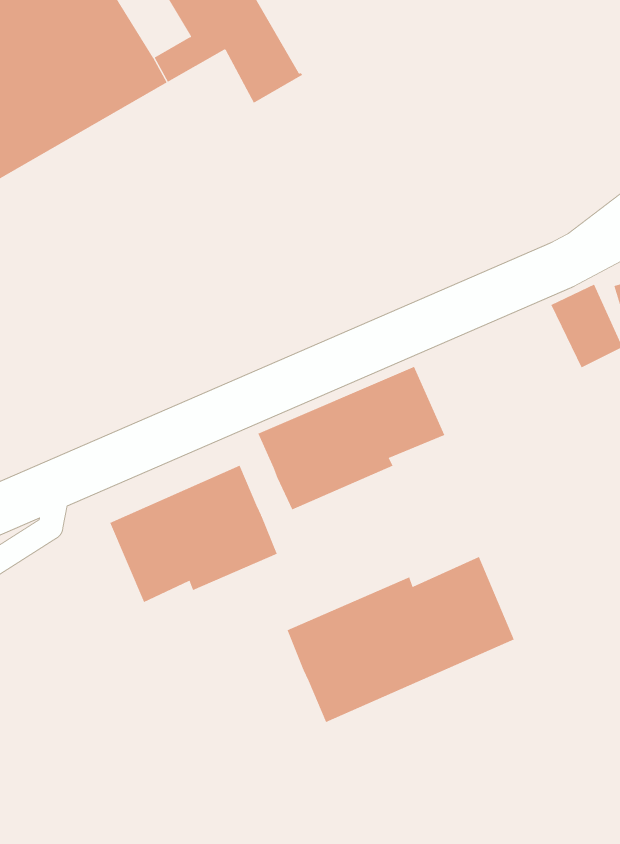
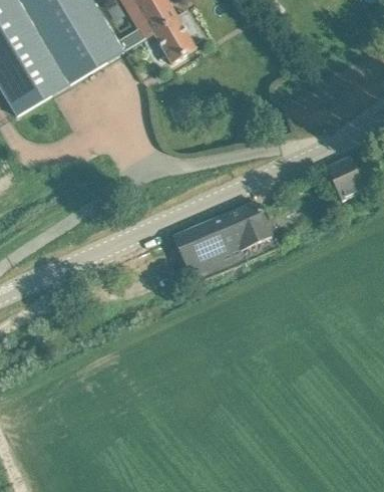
building: [110,465,277,603] -> none
building: [287,556,514,723] -> none

